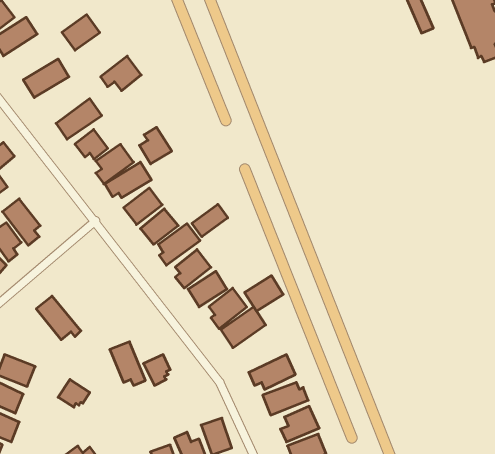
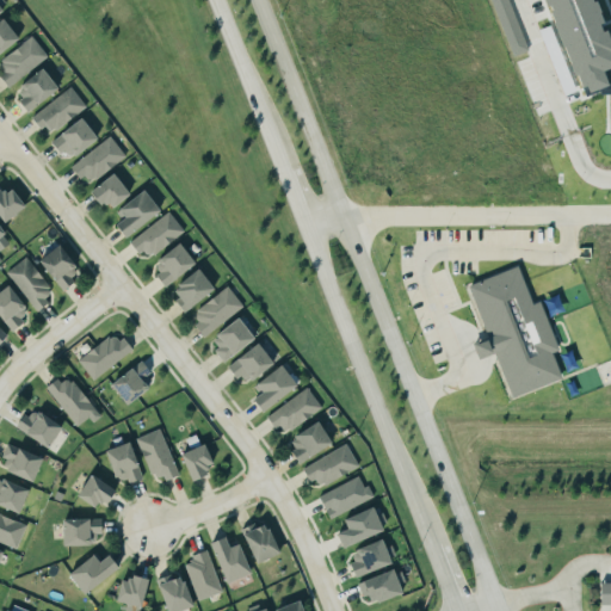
building: [62,15,100,50] -> [16,68,61,111]
building: [101,56,141,91] -> [51,117,100,159]
building: [139,127,172,164] -> none
building: none -> [41,245,79,292]
building: [192,204,228,237] -> none
building: none -> [464,266,557,396]
building: none -> [74,335,129,379]
building: [245,276,283,311] -> [288,420,334,463]
building: none -> [112,363,150,403]
building: none -> [18,407,64,450]
building: none -> [107,443,141,483]
building: none -> [58,517,98,545]

